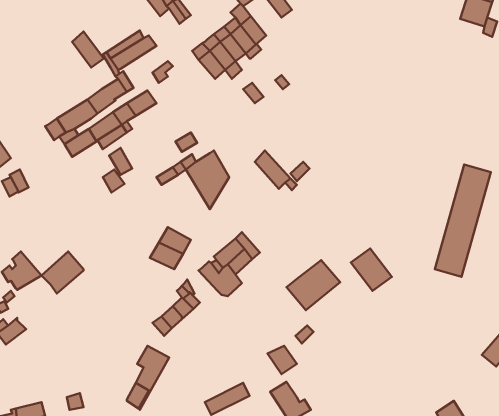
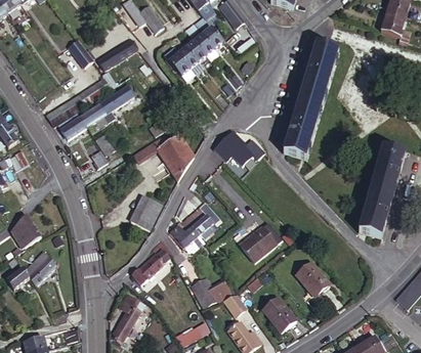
building: none -> [283,43,338,157]
building: [351,249,392,291] -> [297,261,330,295]
building: [41,251,84,294] -> [24,252,57,285]
building: none -> [193,277,228,305]
building: none -> [262,296,295,330]

